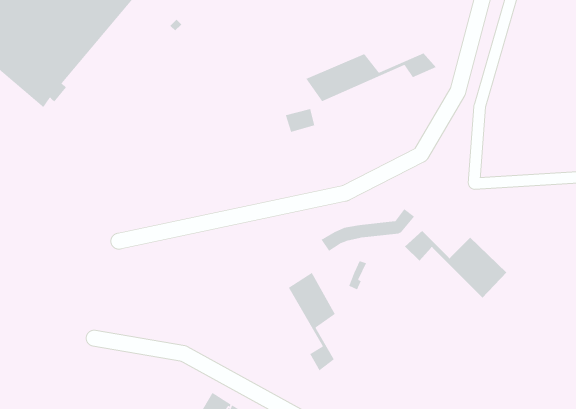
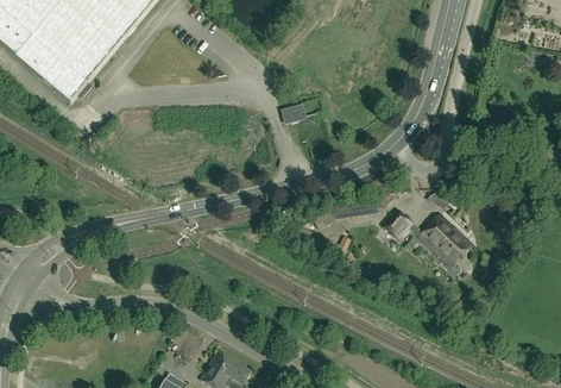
building: [305,52,437,102] -> none
building: [288,272,336,371] -> none

